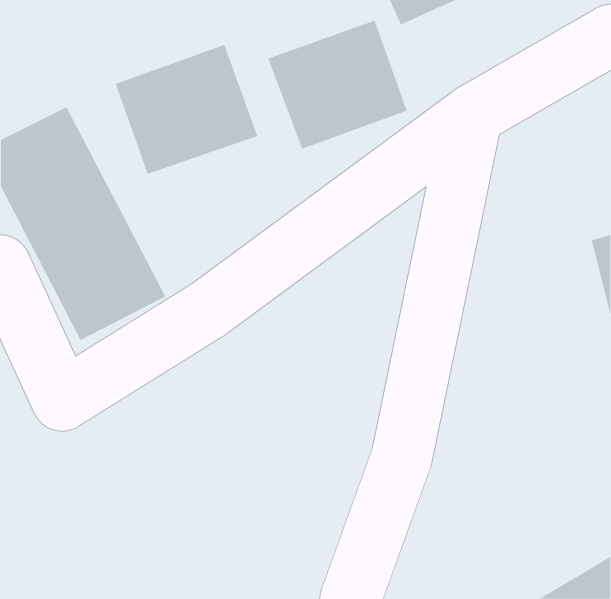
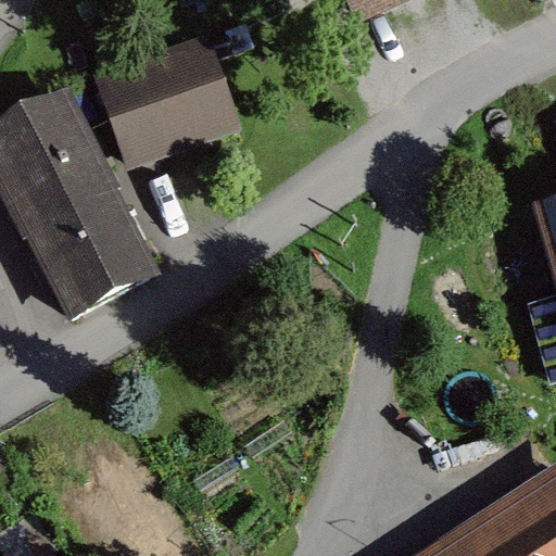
building: [267,20,408,149] -> none

